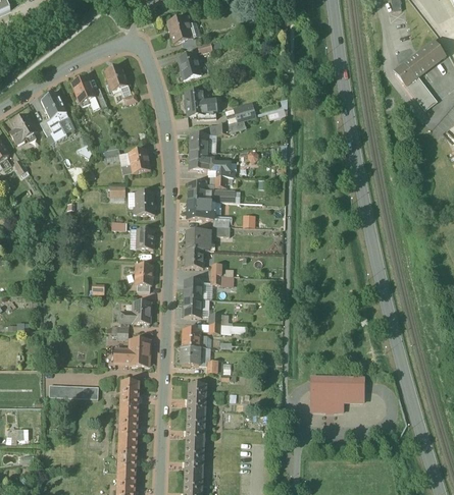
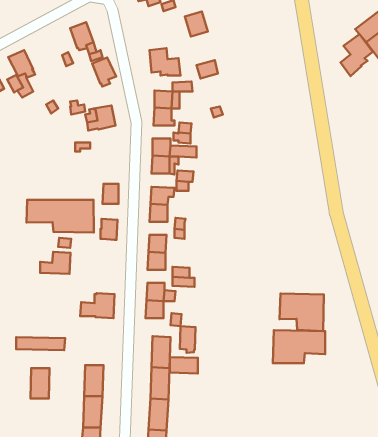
building: [178,53,201,78] -> [185,11,208,37]
building: [71,76,96,106] -> [92,57,116,87]
building: none -> [340,34,373,76]
building: [133,191,154,215] -> none
building: none -> [27,200,94,233]
building: [120,300,151,323] -> [40,252,70,274]
building: none -> [280,294,324,331]
building: none -> [180,326,196,353]
building: [119,381,139,412] -> none
building: none -> [170,357,198,374]
building: none -> [31,368,49,399]

